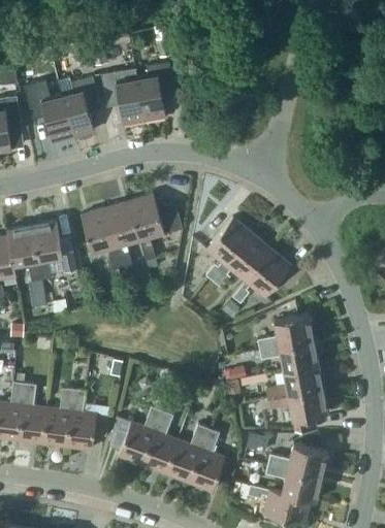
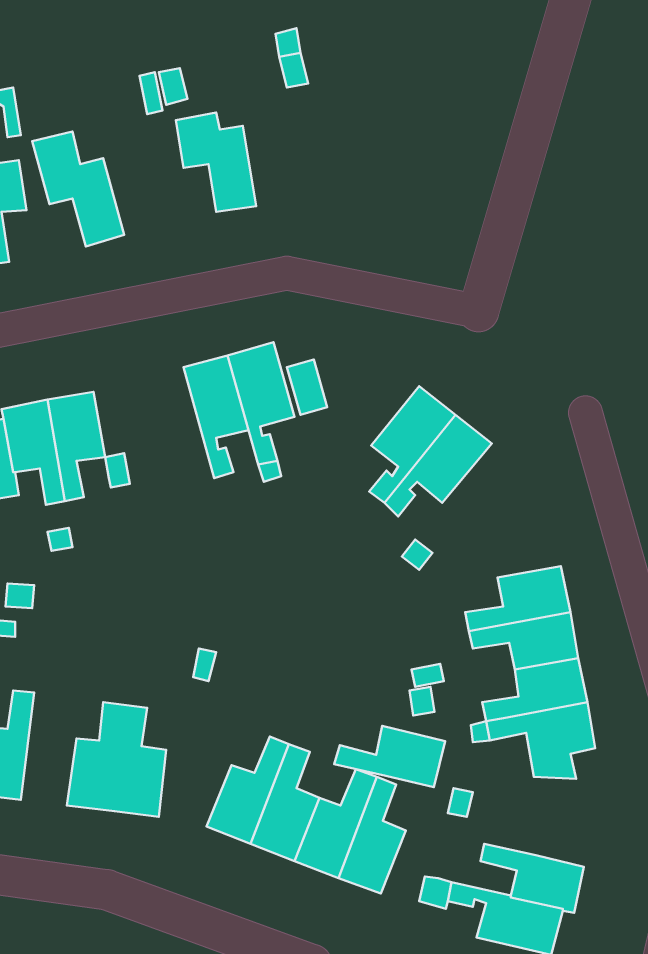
building: [137,61,174,120] -> none
building: [58,75,99,135] -> none
building: [81,206,122,269] -> none
building: [232,248,291,302] -> none
building: [18,382,47,442] -> none
building: [267,442,327,475] -> [334,726,445,787]

